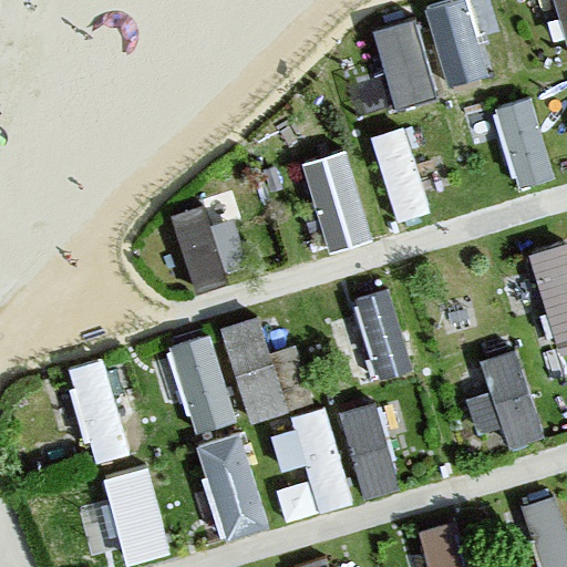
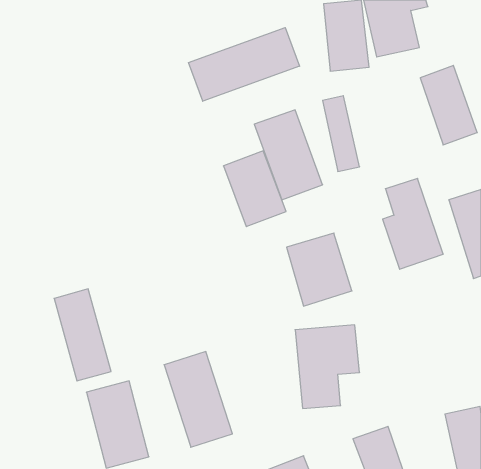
building: none -> [188,28,300,101]
building: [167,198,240,287] -> [223,151,286,227]
building: [168,317,284,429] -> none
building: [475,346,546,452] -> [383,178,443,269]
building: [271,411,353,512] -> none

